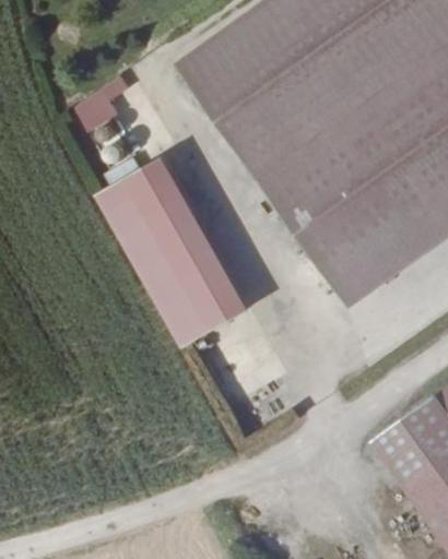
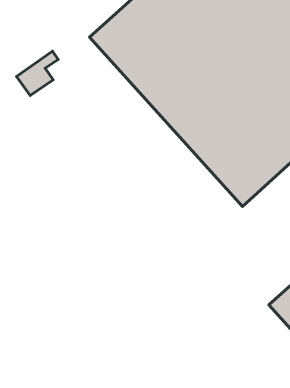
building: [93,154,249,349] -> none

